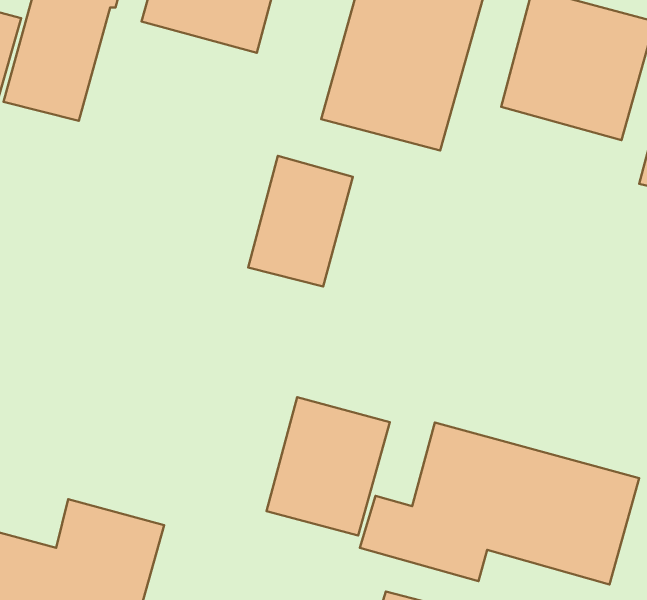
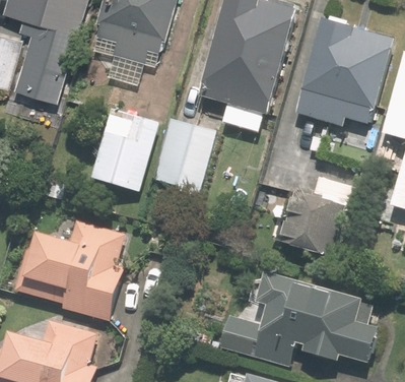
building: none -> [91,109,158,191]
building: none -> [278,194,344,257]
building: none -> [17,220,125,319]
building: [267,397,390,536] -> none

